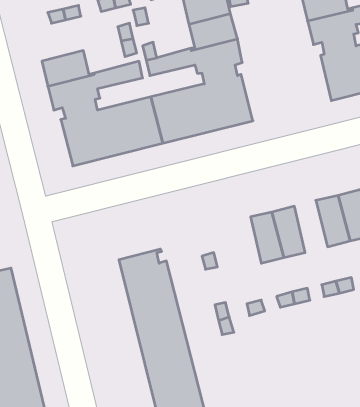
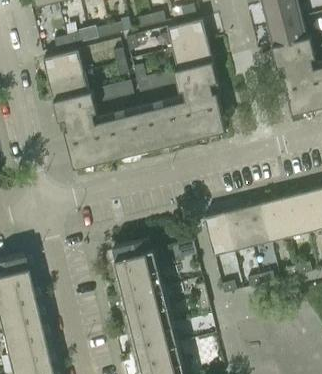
building: none -> [44,50,84,81]
building: none -> [262,198,290,242]
building: none -> [205,212,234,256]

